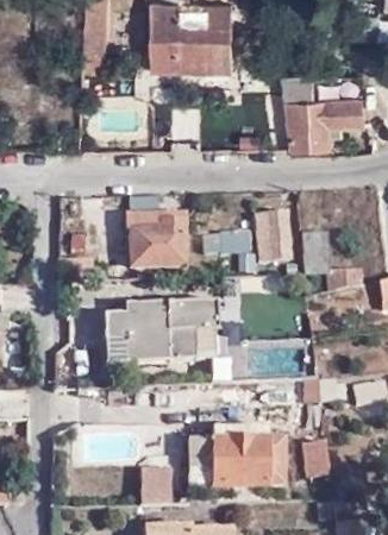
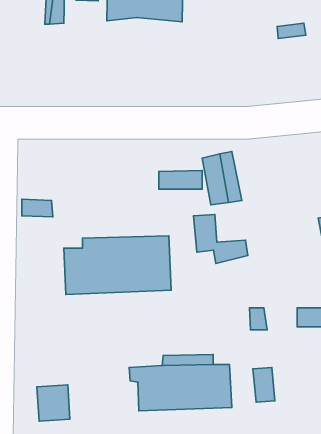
building: [282,74,363,150] -> none
building: [123,210,187,265] -> none
building: [307,239,365,291] -> [194,215,248,263]
building: [140,460,176,499] -> [37,385,70,421]

